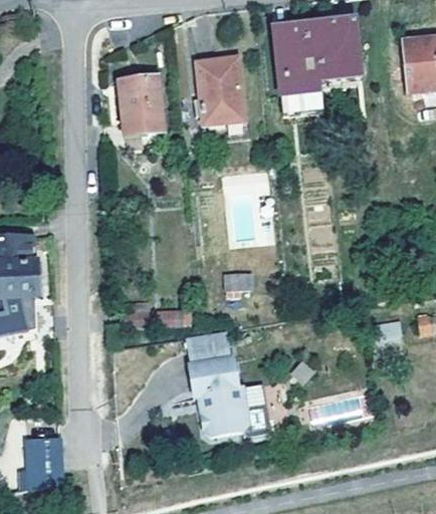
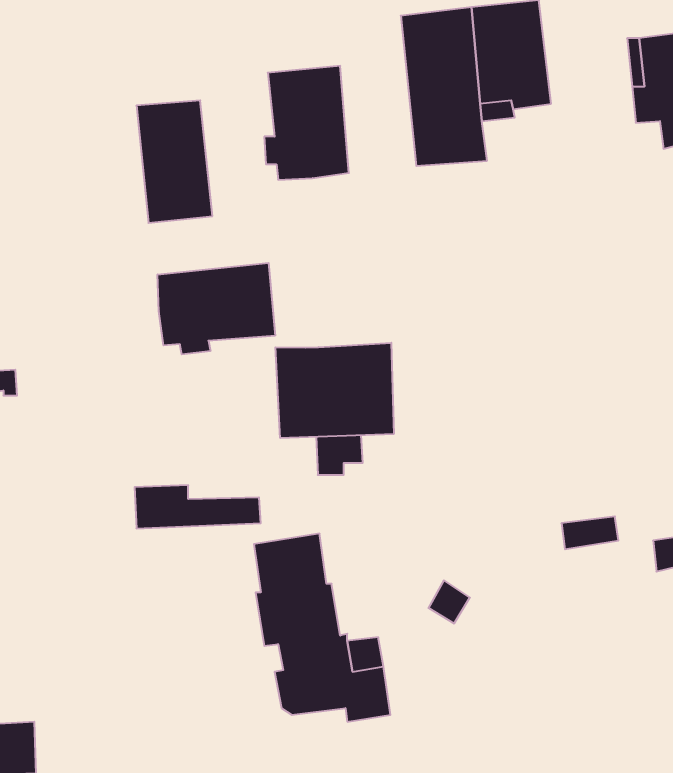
building: none -> [158,263,275,354]
building: none -> [275,343,394,438]

